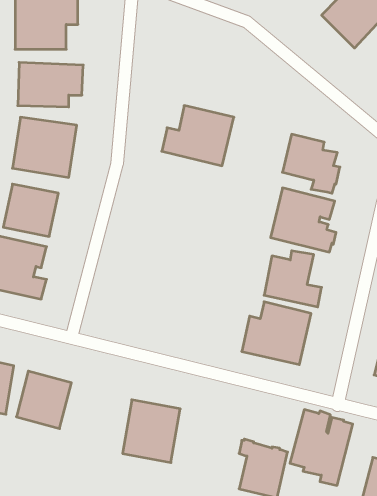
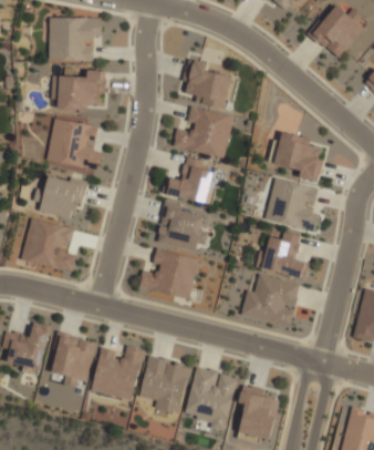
building: none -> [180,57,236,108]
building: none -> [165,157,215,203]
building: none -> [158,206,206,250]
building: none -> [139,248,200,299]
building: none -> [92,346,145,400]
building: [290,410,353,485] -> [185,367,238,431]

